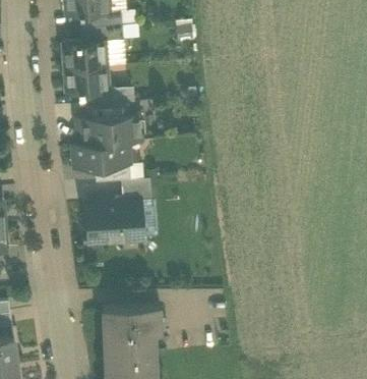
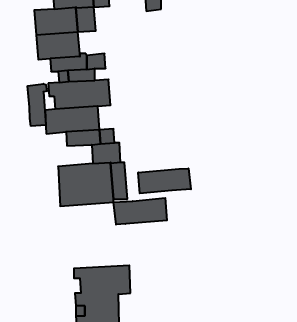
building: none -> [28,84,47,126]
building: none -> [138,168,191,193]
building: none -> [114,198,167,225]

